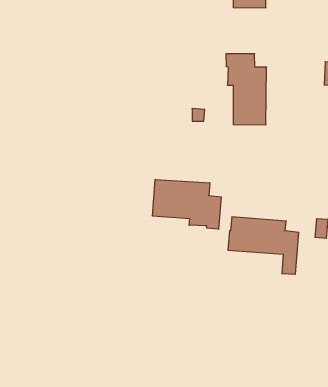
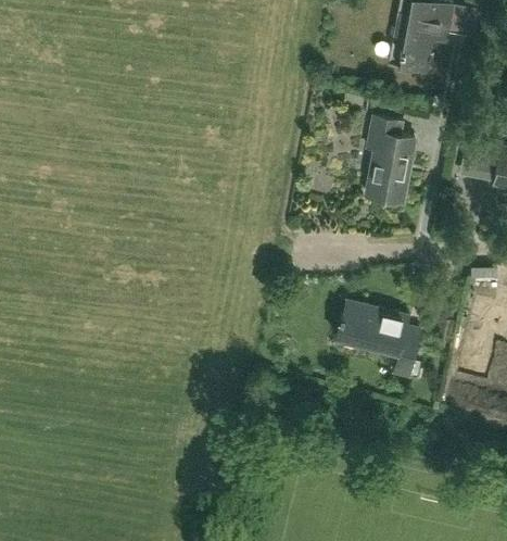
building: [153,179,221,229] -> none

